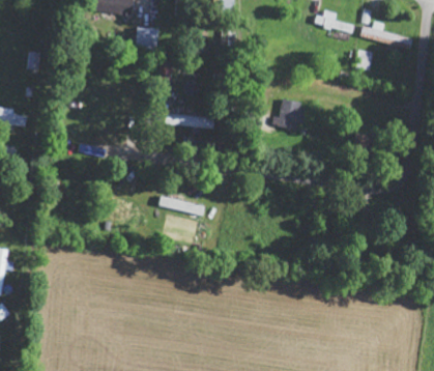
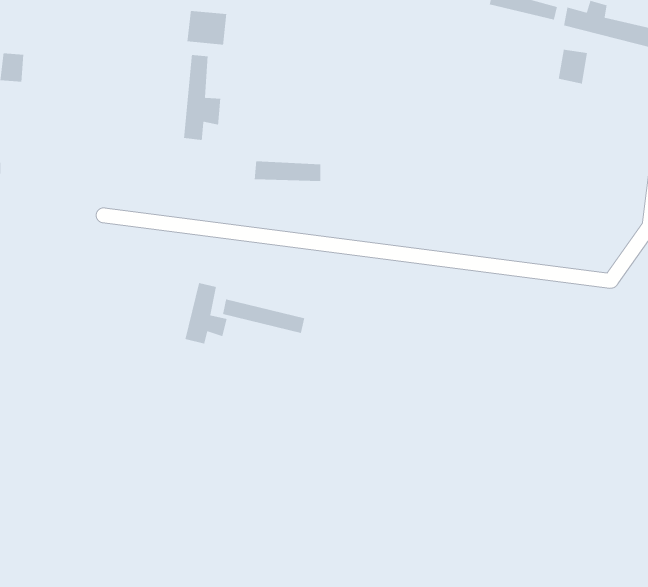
building: none -> [183,54,221,141]
building: [276,98,305,131] -> none
building: none -> [184,282,227,345]

